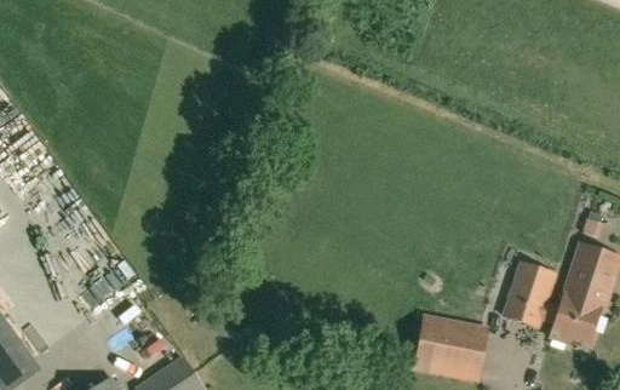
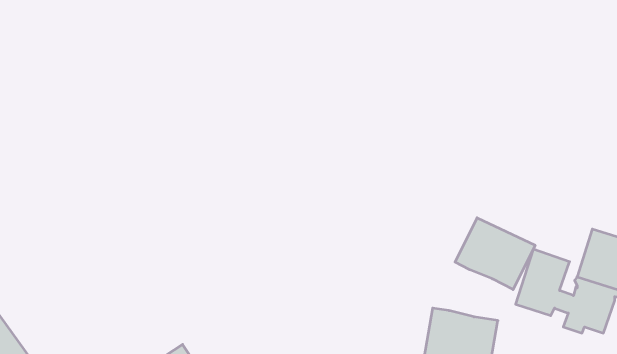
building: none -> [455,218,535,290]

